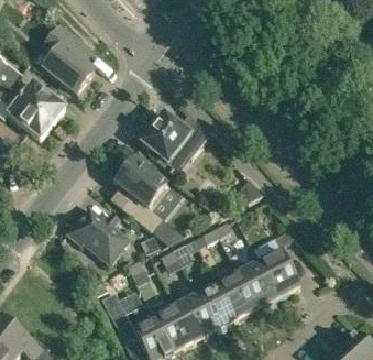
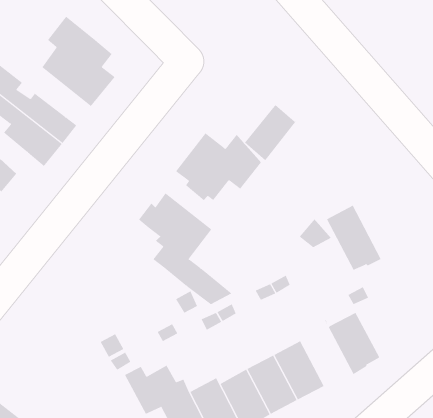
building: none -> [244,104,300,161]
building: [67,206,130,263] -> none
building: [235,257,278,307] -> [326,205,382,270]

